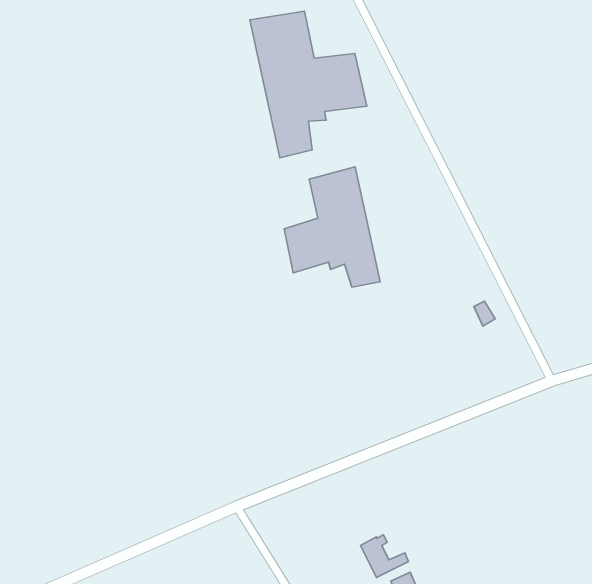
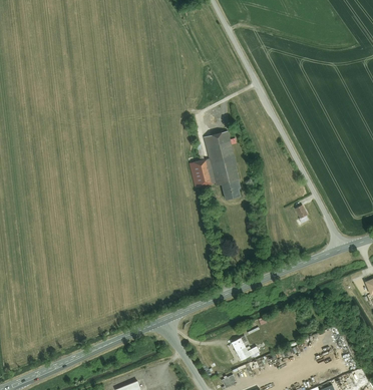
building: [250,11,367,158] -> none

